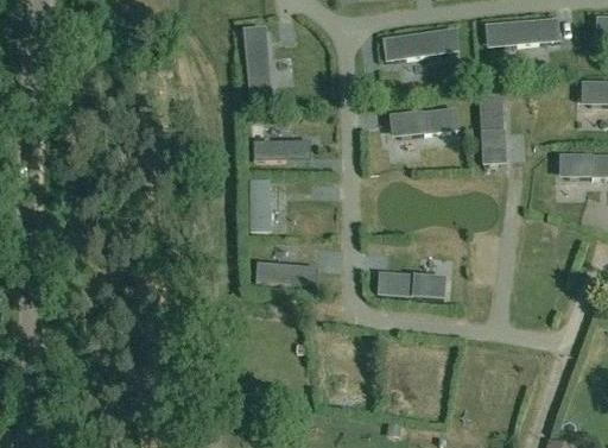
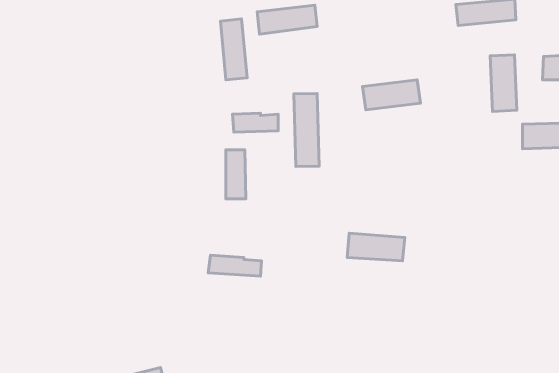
building: [385,29,449,59] -> [257,5,317,34]
building: [479,92,507,152] -> [490,55,517,111]
building: none -> [294,94,319,166]
building: [256,261,314,284] -> [208,255,262,276]

